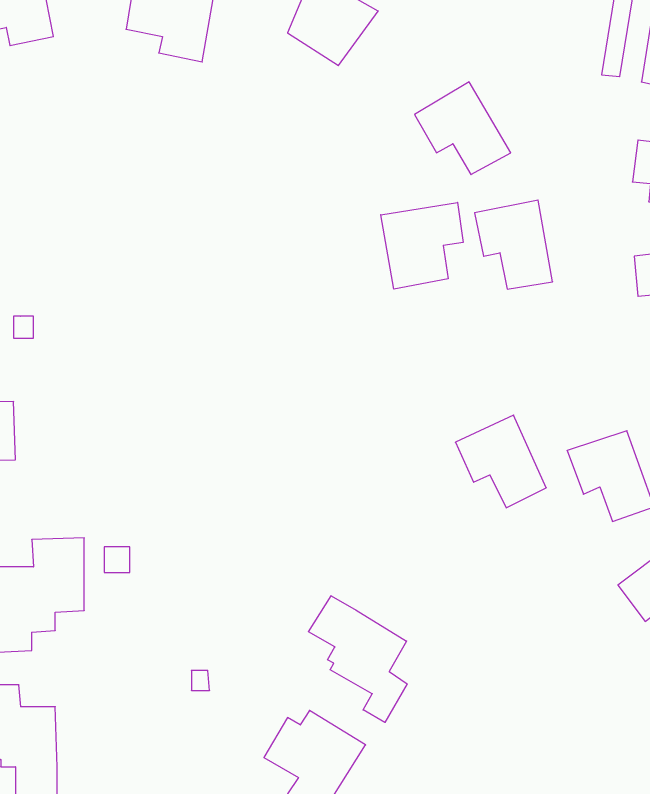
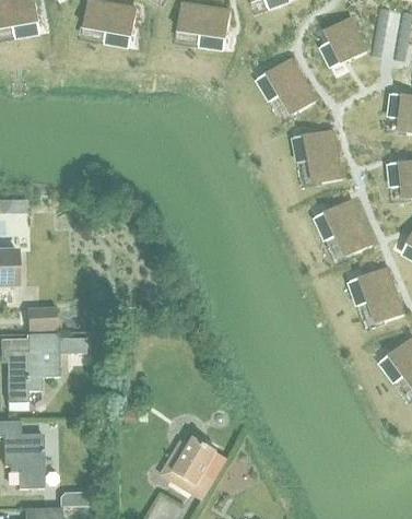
building: none -> [321,17,366,67]
building: [381,202,463,289] -> none
building: [455,415,546,508] -> [316,200,370,256]
building: none -> [26,306,56,330]
building: [308,596,407,722] -> none

